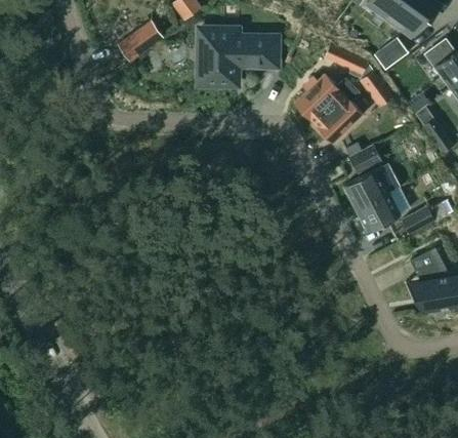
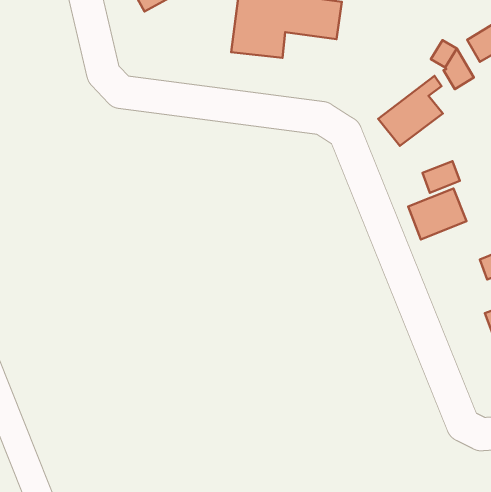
building: [295,74,352,122] -> none
building: [356,192,401,232] -> none

